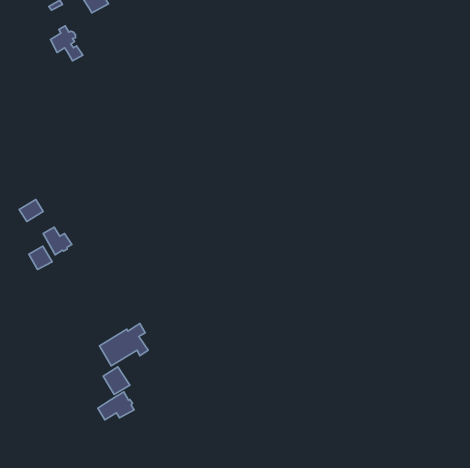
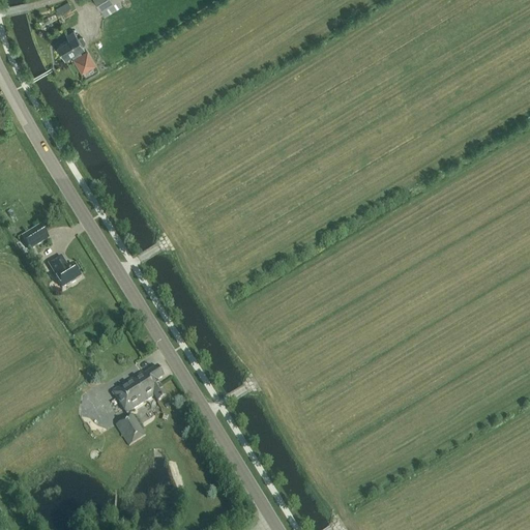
building: [29,246,52,270] -> none
building: [98,392,134,420] -> none

